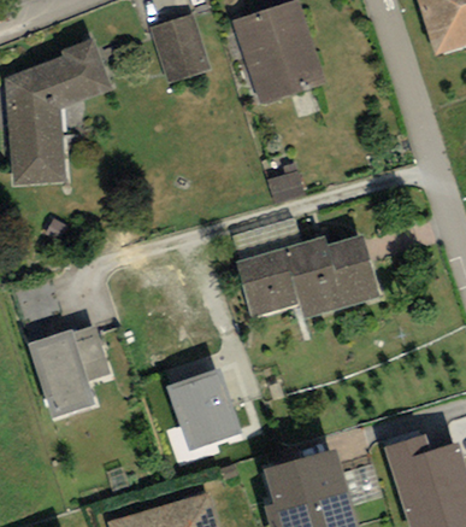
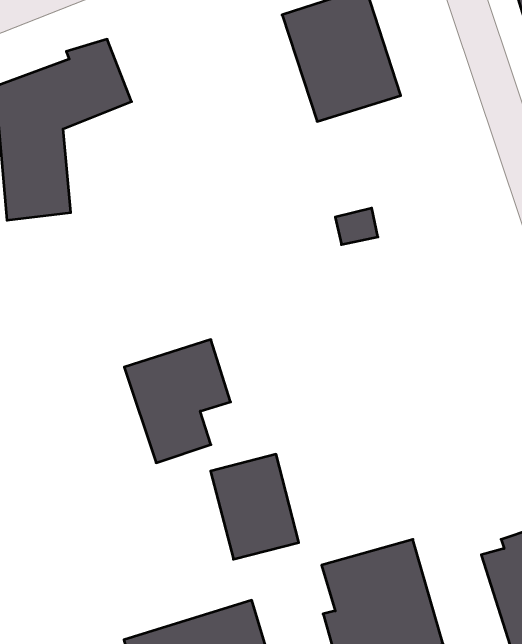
building: [155,17,211,83] -> none
building: [236,226,379,312] -> none
building: [24,326,108,423] -> [124,340,231,463]

